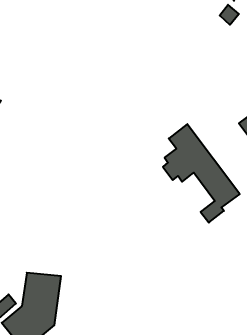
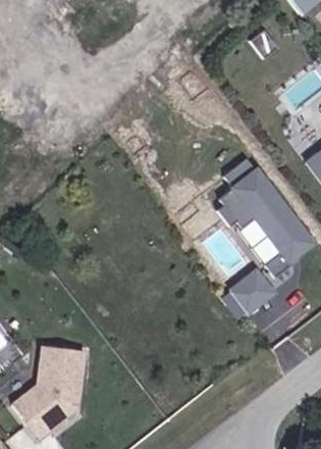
building: none -> [223,275,266,315]

